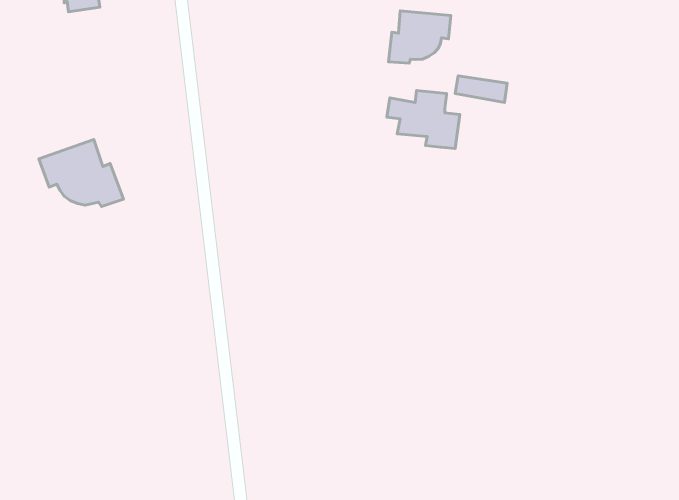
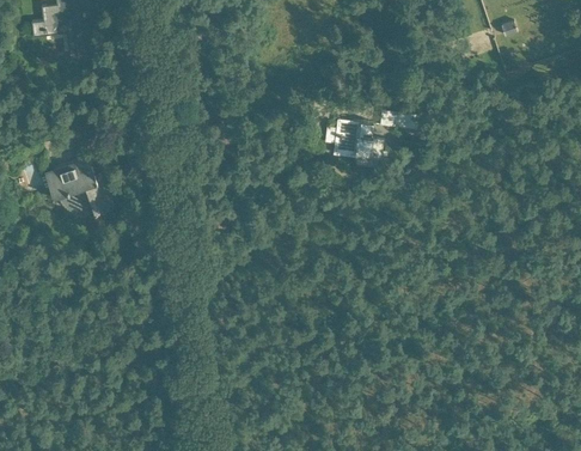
building: [389,11,451,63] -> none

